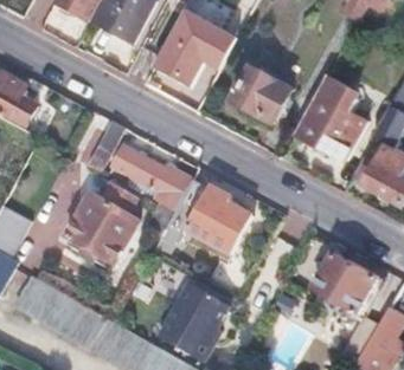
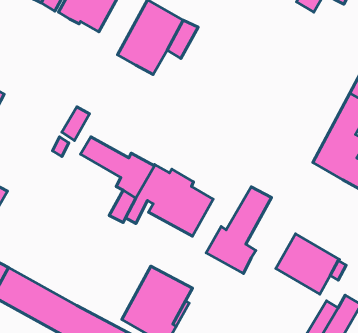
building: [229,67,290,123] -> none
building: [296,74,366,157] -> none
building: [65,189,137,264] -> none
building: none -> [206,187,272,273]

